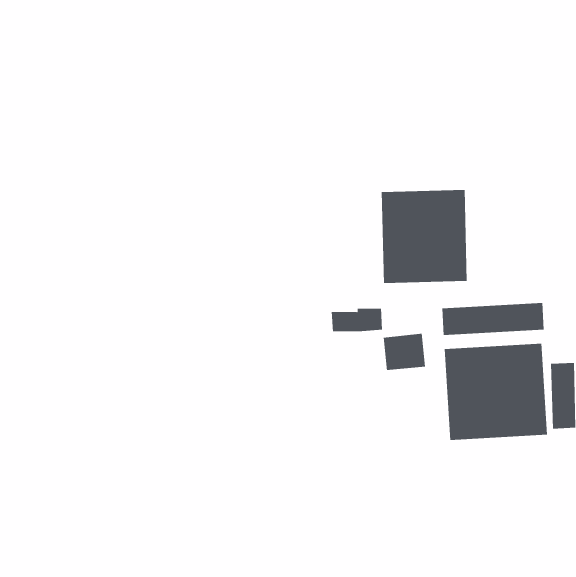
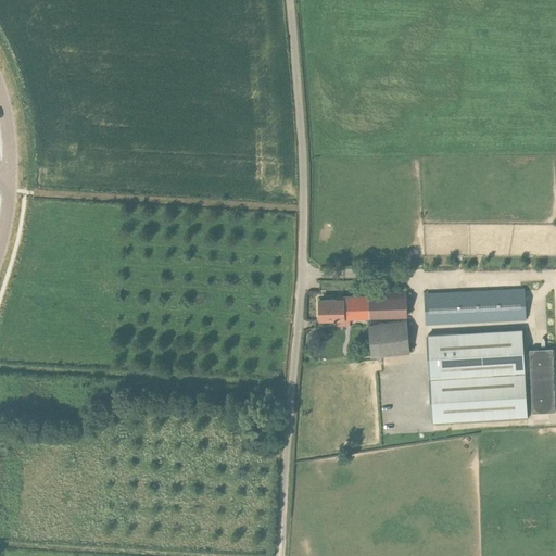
building: [381,189,467,284] -> none
building: none -> [367,292,406,317]

